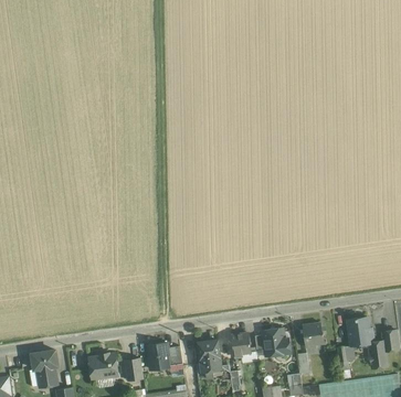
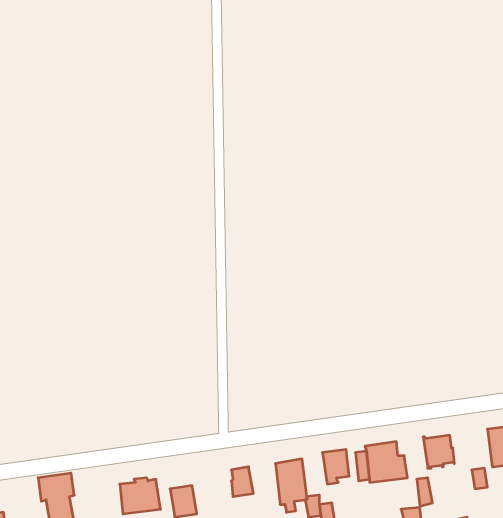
building: [148,342,169,369] -> none

